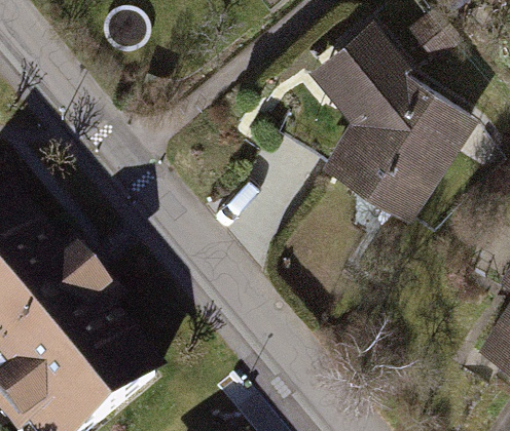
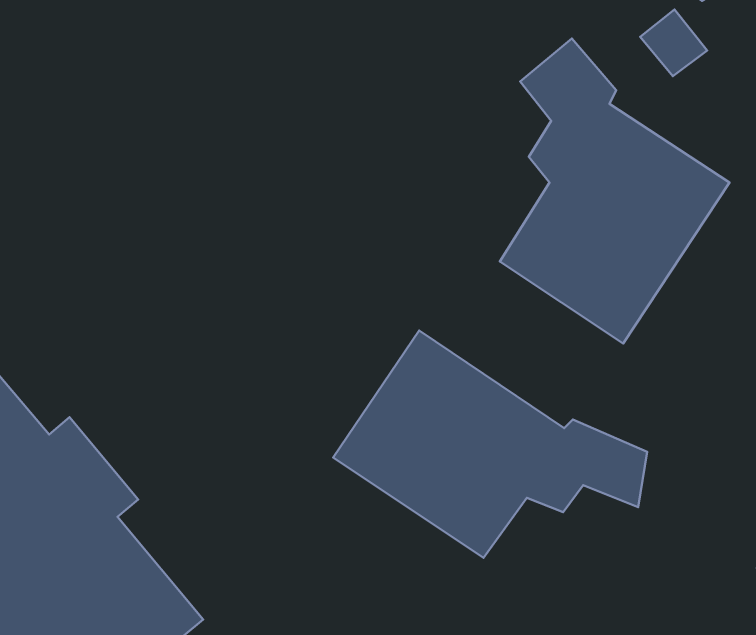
building: none -> [333,331,647,558]

